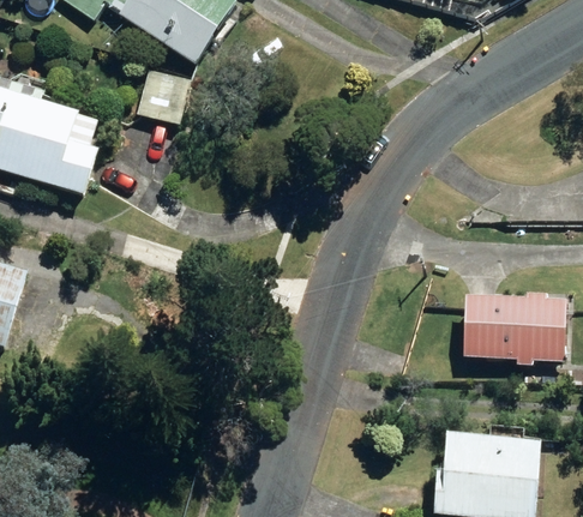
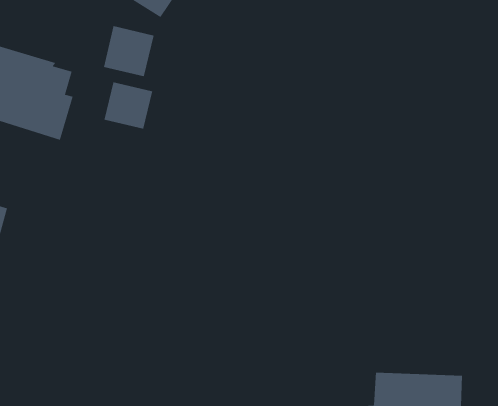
building: none -> [104,82,153,129]
building: [453,307,554,365] -> none

